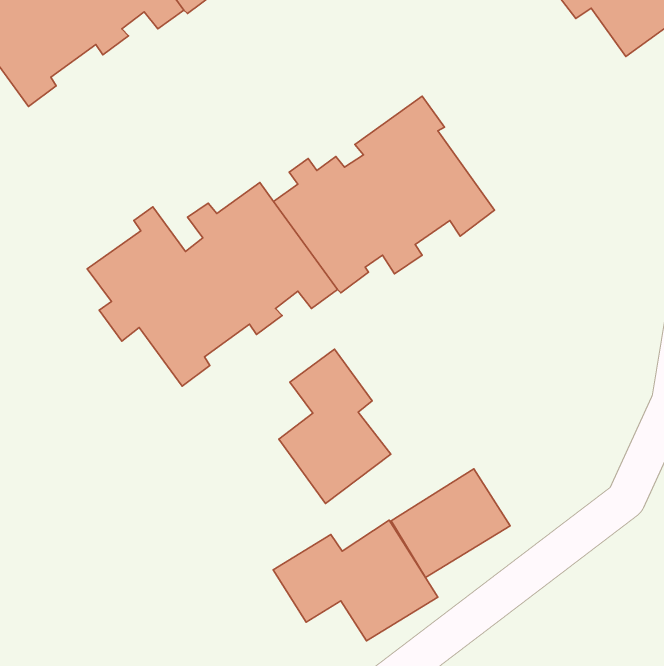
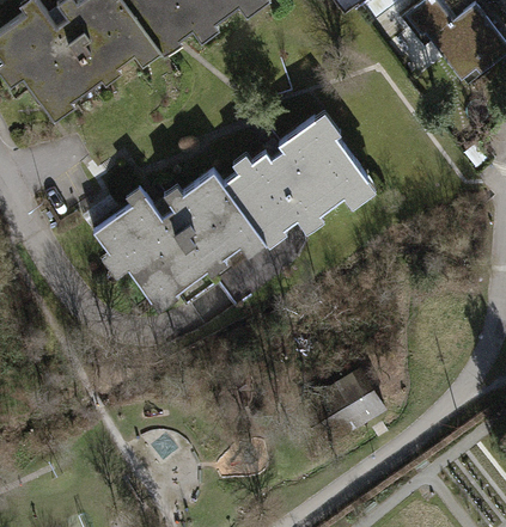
building: [279,349,391,503] -> none
building: [273,520,438,641] -> none

